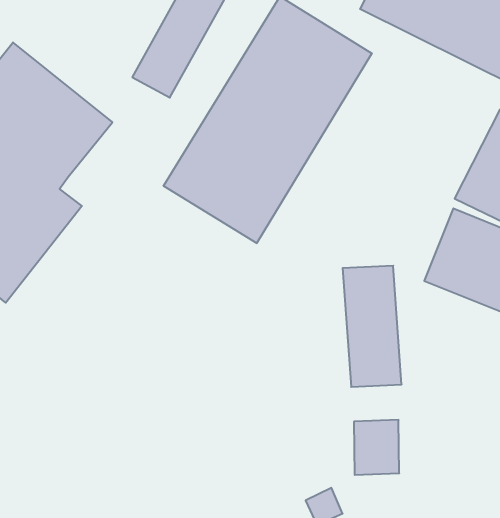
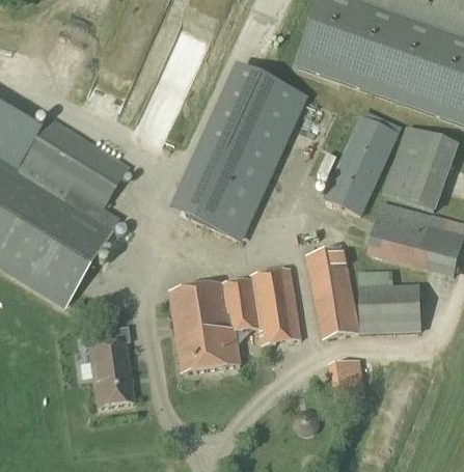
building: none -> [325,115,398,213]
building: none -> [169,267,300,371]
building: none -> [358,282,421,333]
building: none -> [80,326,132,407]

